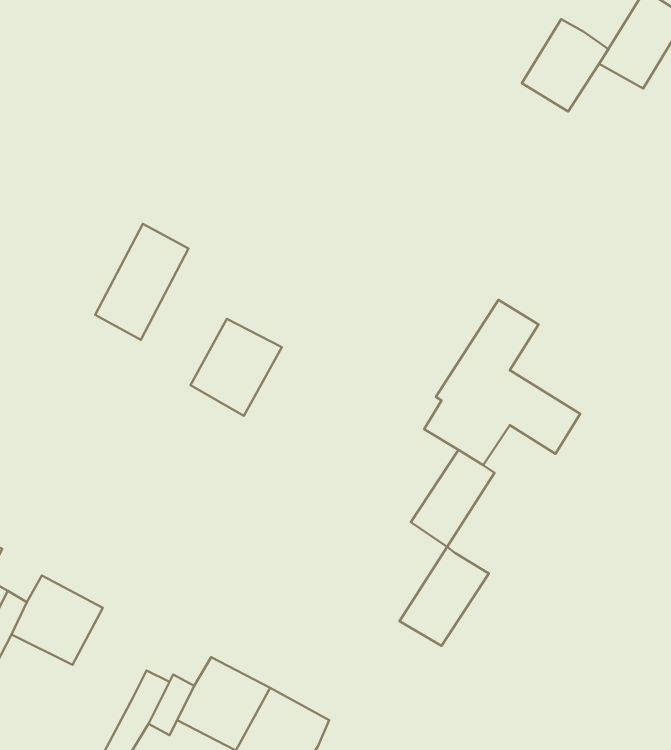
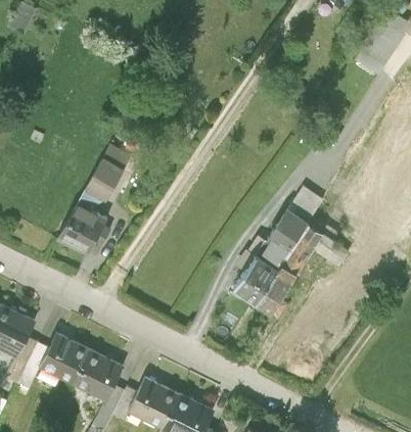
building: [522,19,608,112] -> none
building: [191,319,282,416] -> [58,206,107,258]
building: [400,547,489,646] -> [231,252,279,305]
building: none -> [72,351,121,399]

